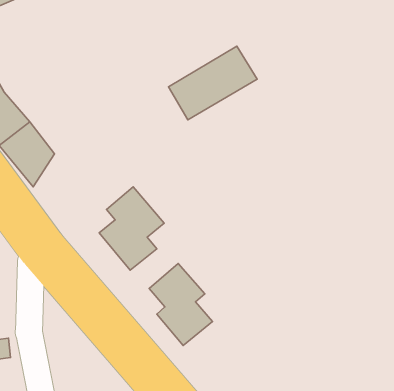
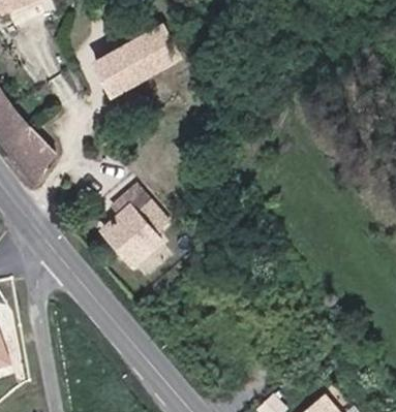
building: [169,46,257,120] -> [92,25,178,96]
building: [149,263,213,345] -> none

